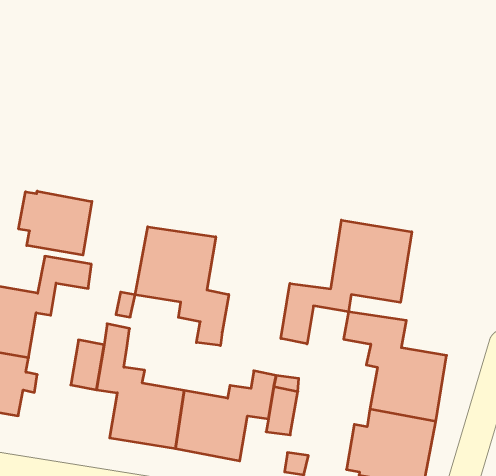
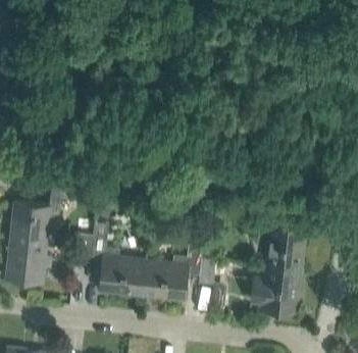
building: [19,191,92,255] -> none
building: [281,220,412,344] -> none
building: [135,227,229,346] -> none

